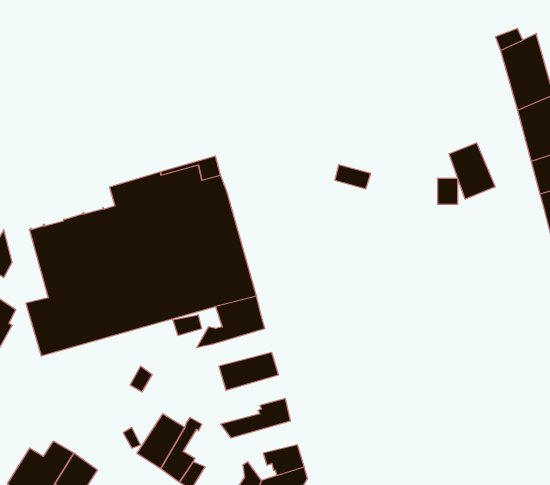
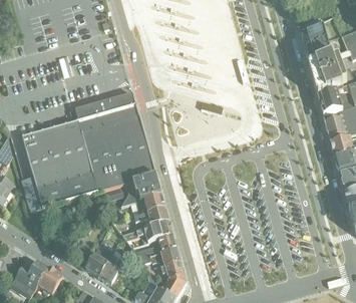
building: [449,143,495,199] -> none
building: none -> [130,194,165,216]
building: none -> [123,221,173,243]
building: none -> [141,248,181,267]

